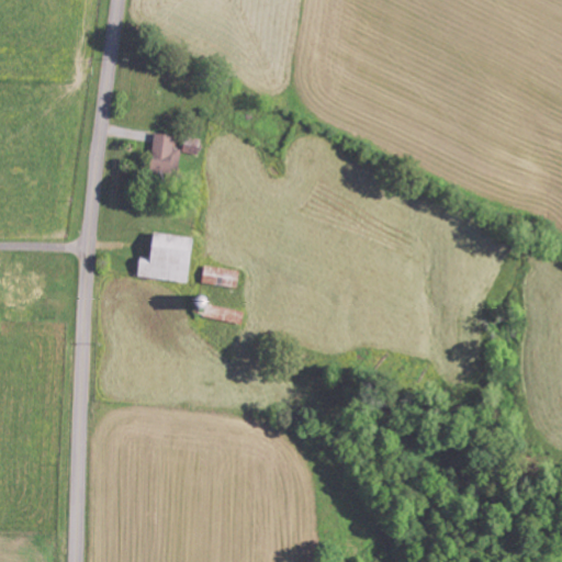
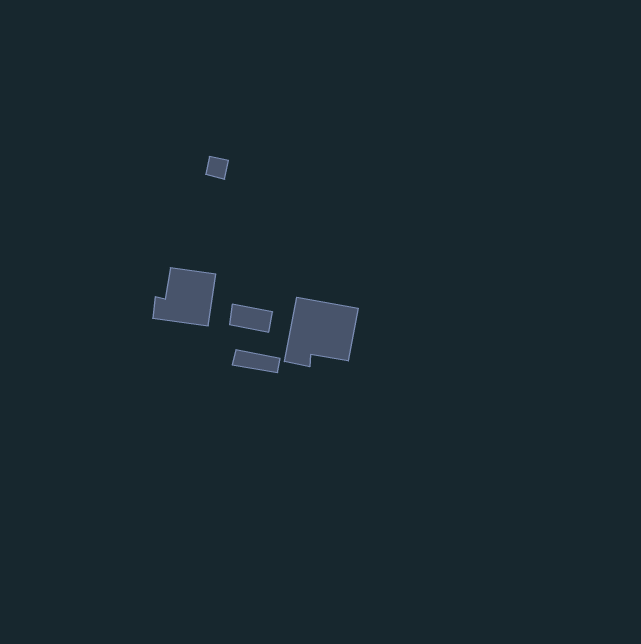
building: [149,134,180,175] -> none
building: none -> [284,297,358,367]

